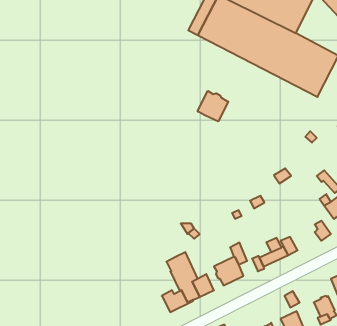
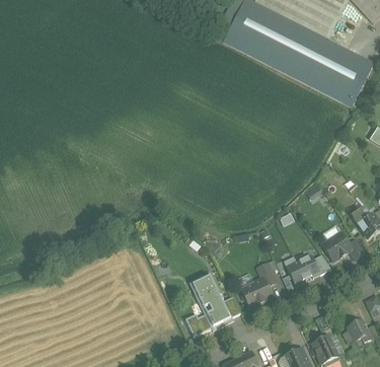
building: [198,91,228,121] -> none
building: none -> [321,231,351,261]

